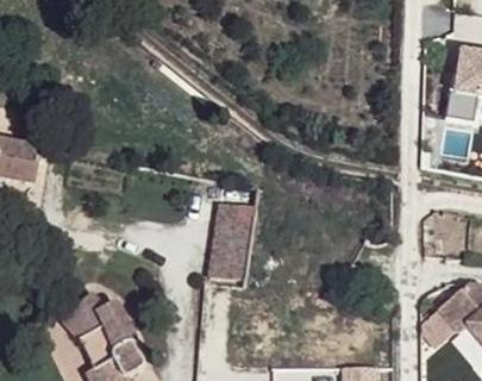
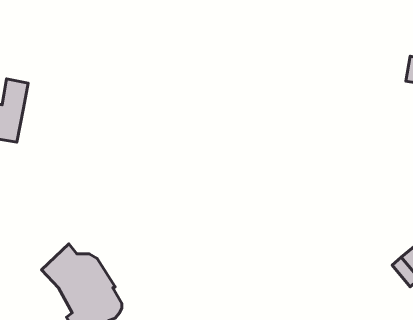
building: [209,205,257,280] -> none

